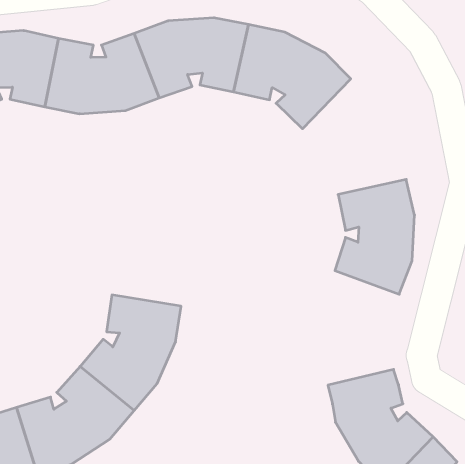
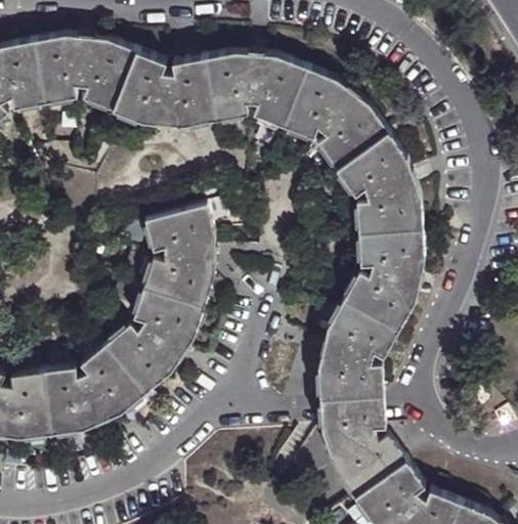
building: none -> [337,133,421,233]
building: none -> [143,206,213,308]
building: none -> [317,300,397,400]

